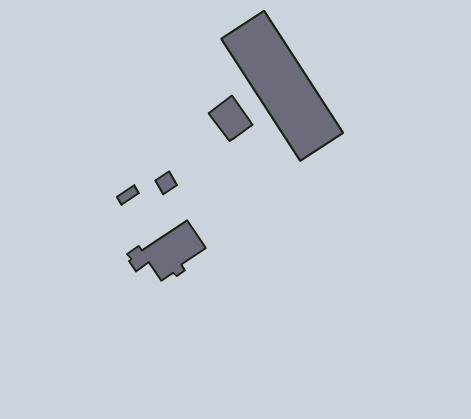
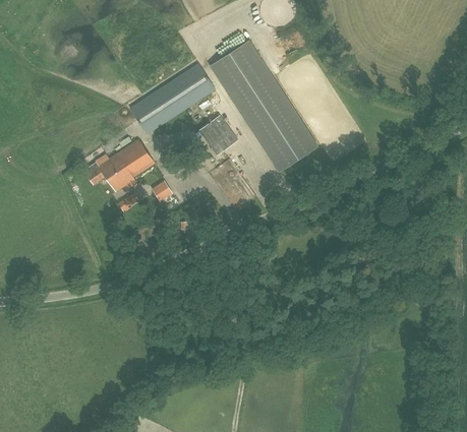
building: none -> [130,63,215,133]
building: [127,220,206,281] -> [85,138,155,191]

